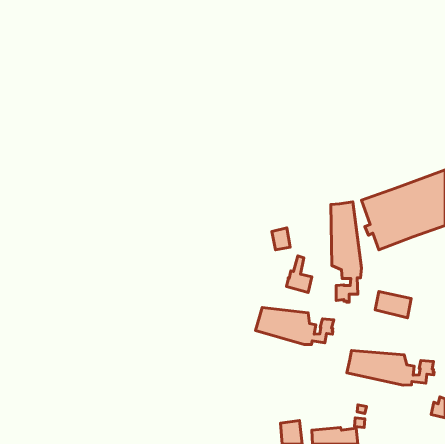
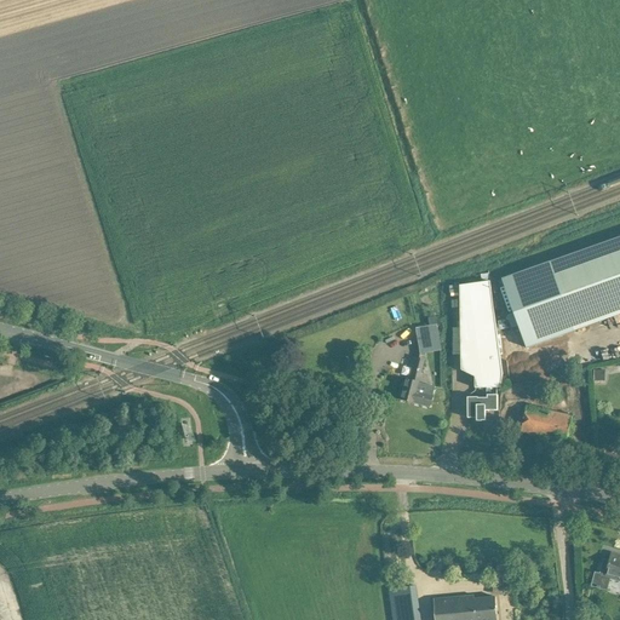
building: [272,228,290,250] -> [414,323,440,354]
building: [256,307,334,345] -> none
building: [347,351,434,385] -> none

